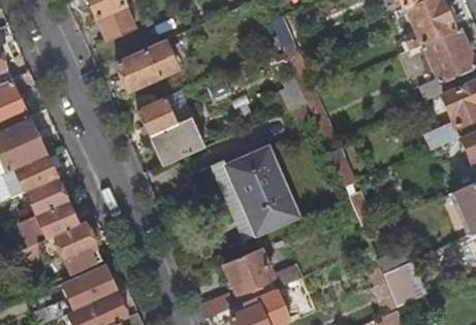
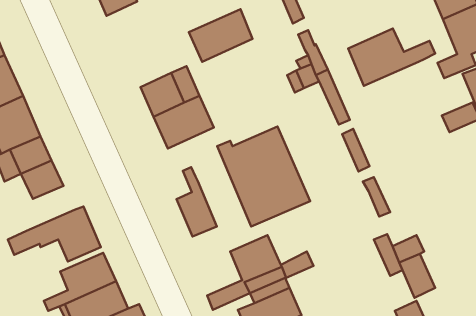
building: [118,39,178,89] -> [189,9,252,62]
building: none -> [348,28,435,86]
building: none -> [176,167,217,236]
building: [22,201,76,243] -> none

